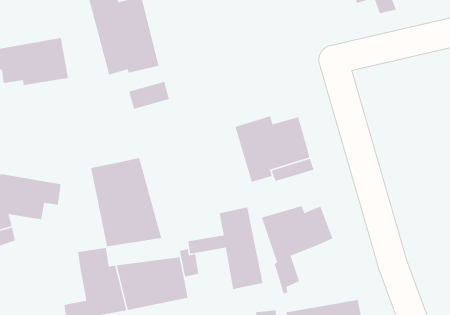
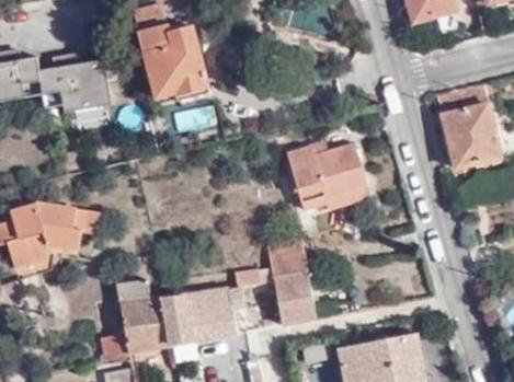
building: none -> [437,83,500,170]
building: [90,157,162,247] -> none
building: [261,205,334,295] -> none

